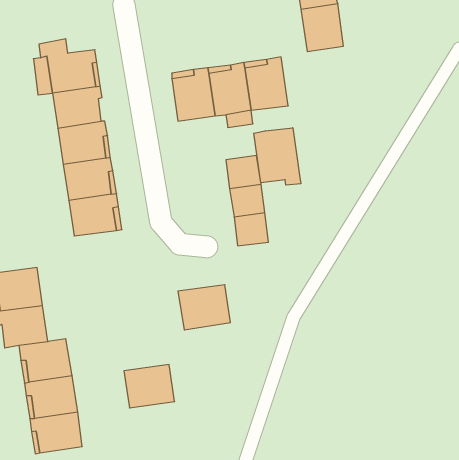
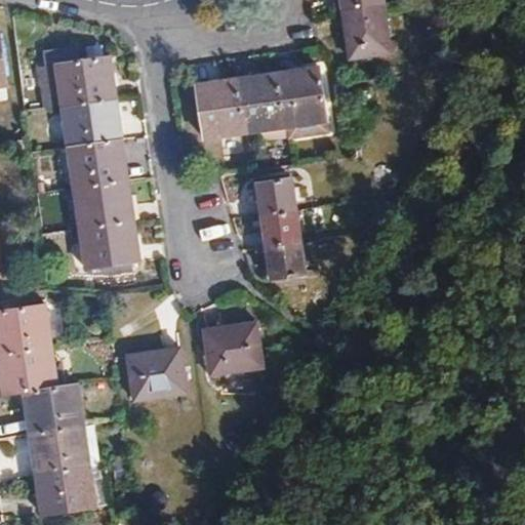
building: [254,128,301,185] -> none
building: [124,365,175,408] -> [127,349,185,398]

